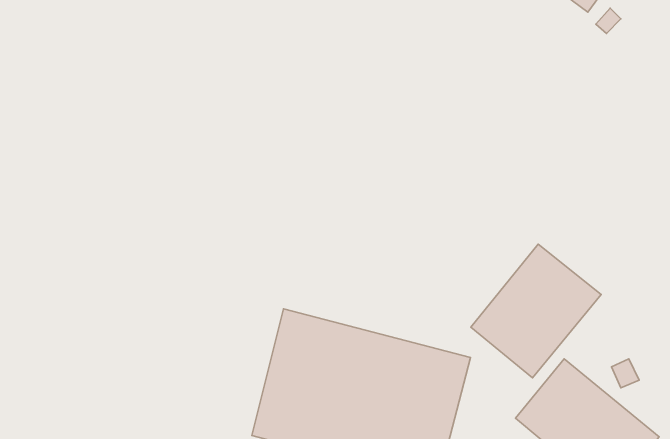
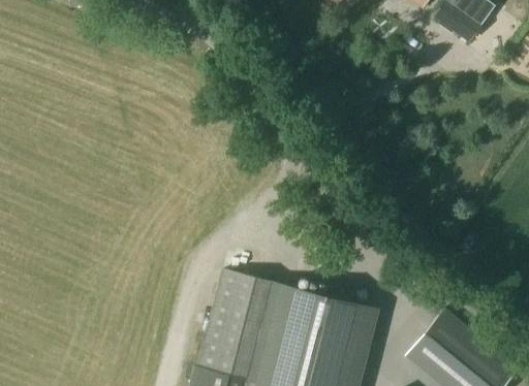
building: [471,244,601,378] -> none

